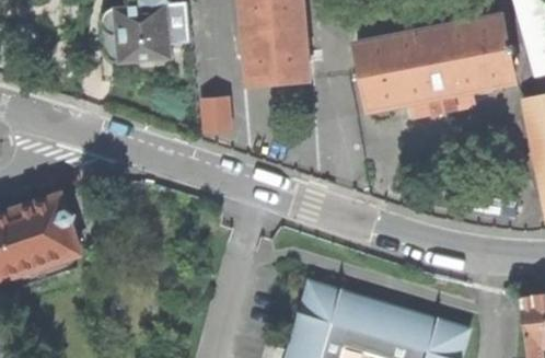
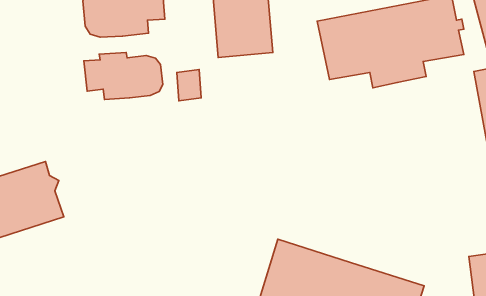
building: none -> [84,52,163,100]

